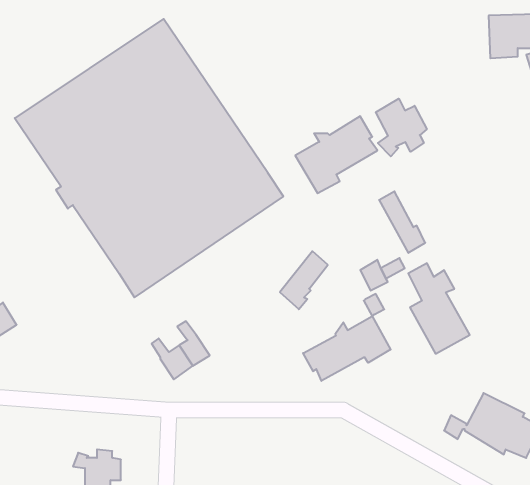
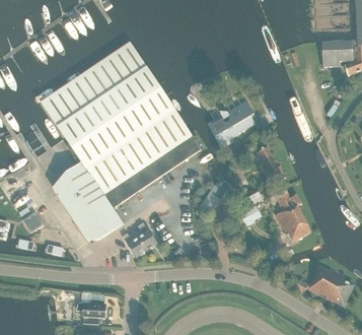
building: [376,99,427,156] -> none
building: none -> [56,165,120,238]
building: [303,316,391,381] -> none

